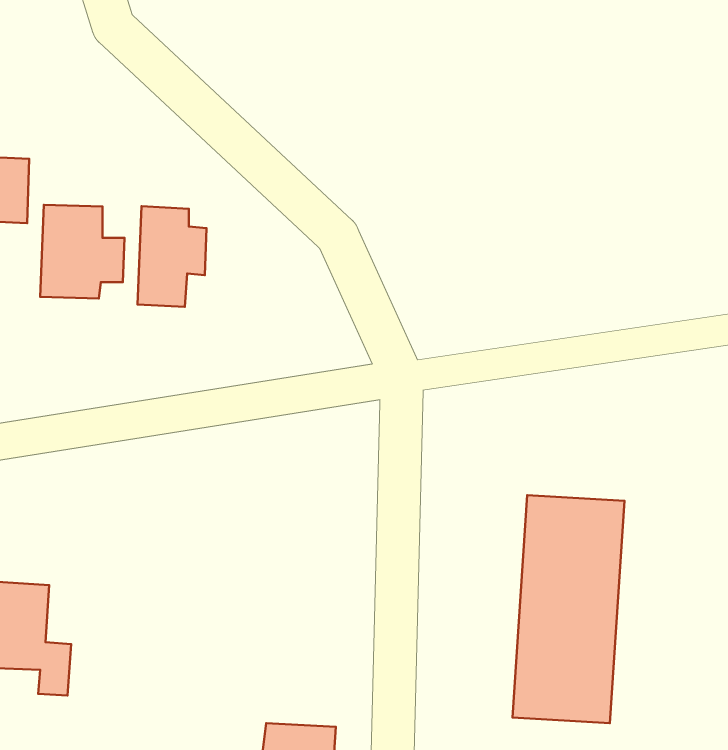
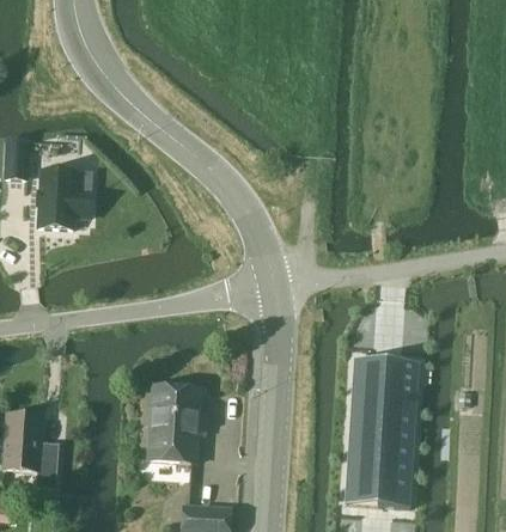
building: [137,206,207,307] -> none
building: none -> [147,385,201,461]

